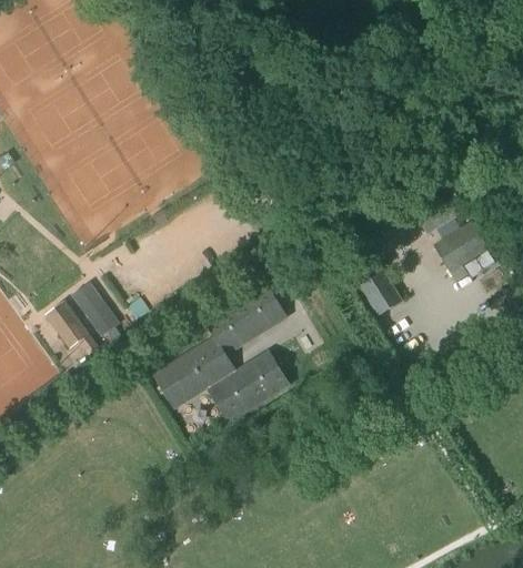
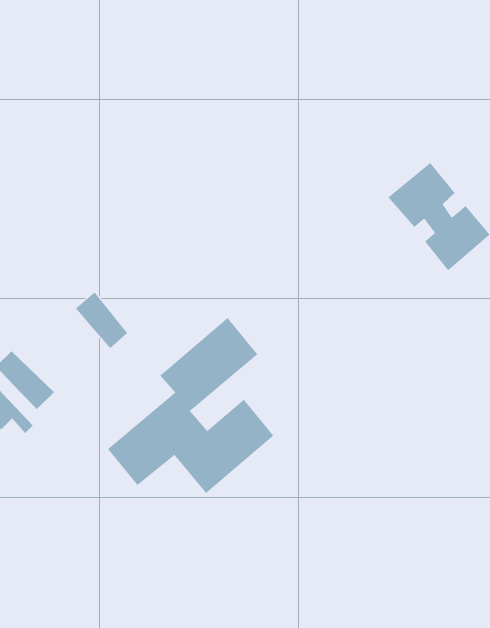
building: none -> [75,292,128,349]
building: [352,258,402,315] -> none

